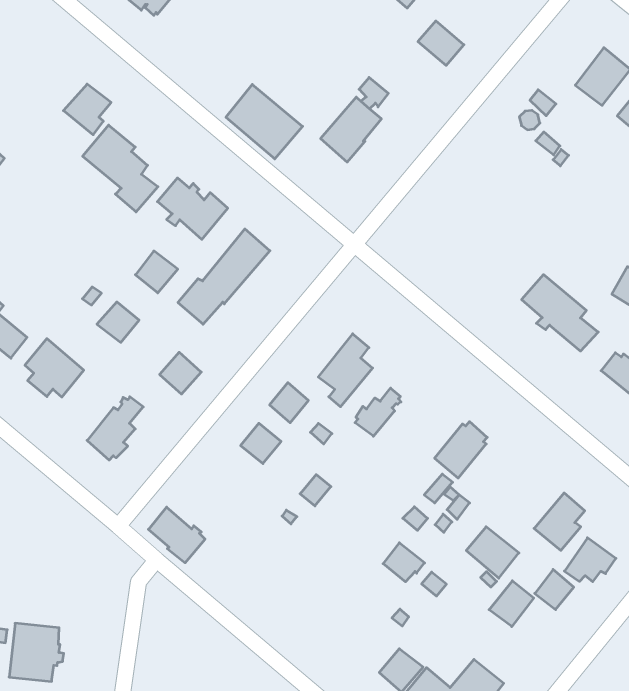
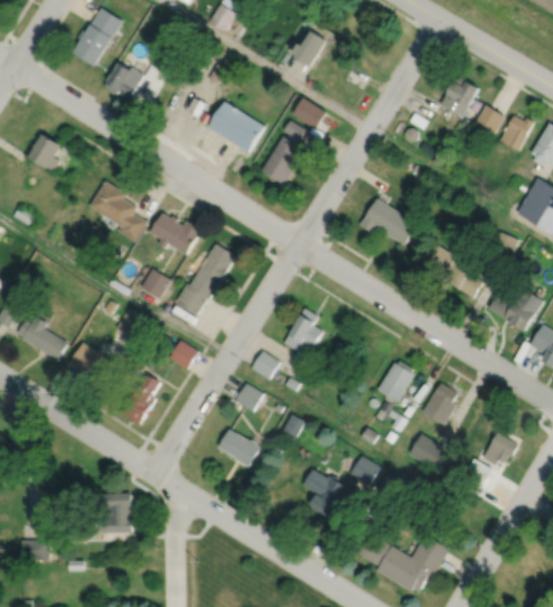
building: [418,21,464,65] -> [292,98,326,129]
building: [63,84,111,135] -> [29,135,63,171]
building: [226,84,303,159] -> [208,101,264,153]
building: none -> [360,199,417,246]
building: [355,388,401,436] -> none
building: [534,493,585,550] -> [423,384,458,426]
building: [148,507,205,563] -> [217,430,260,468]
building: none -> [302,469,349,518]
building: [489,581,534,627] -> none
building: [9,623,64,681] -> [98,491,136,532]

